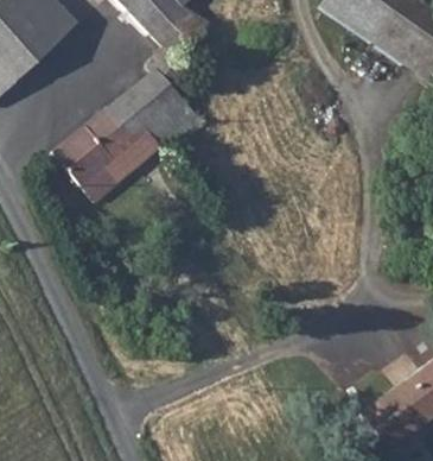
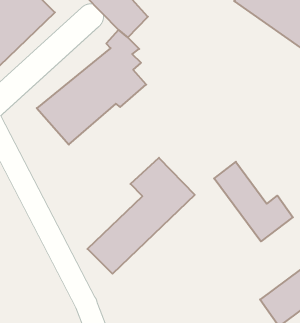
building: none -> [87,158,195,274]
building: none -> [214,162,293,241]

